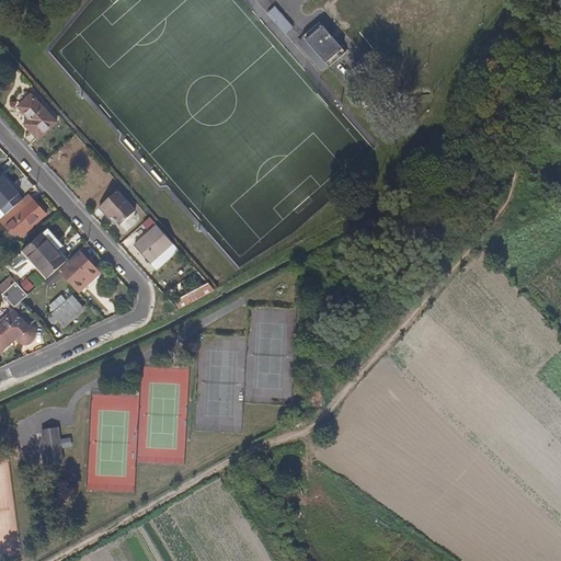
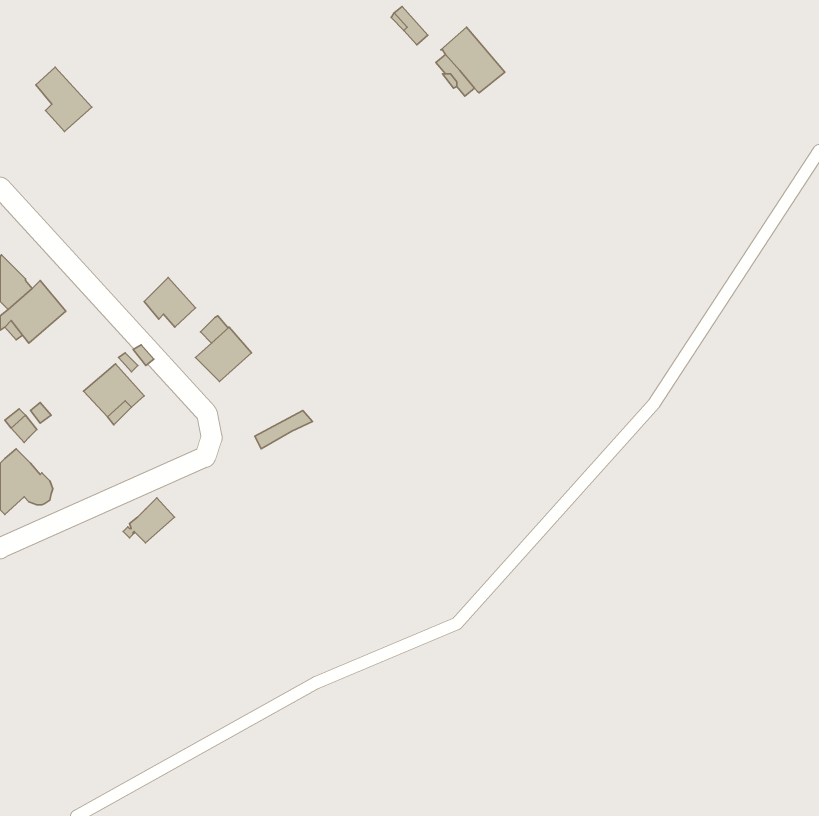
building: [18,94,56,138] -> [36,67,92,131]
building: [22,232,65,275] -> none
building: [48,294,83,324] -> [123,498,174,543]
building: [43,430,65,465] -> none

